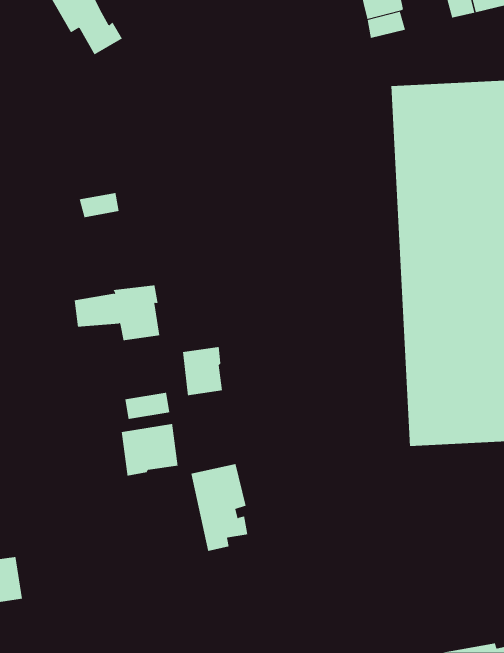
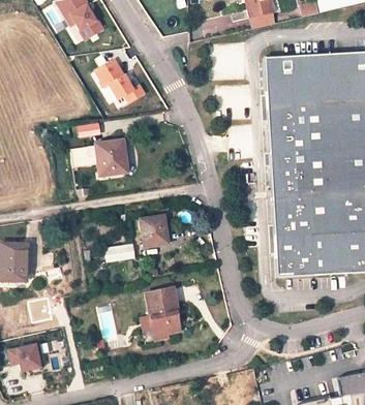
building: none -> [97,59,146,101]
building: [74,285,160,341] -> [70,141,123,175]
building: [121,423,178,476] -> none

